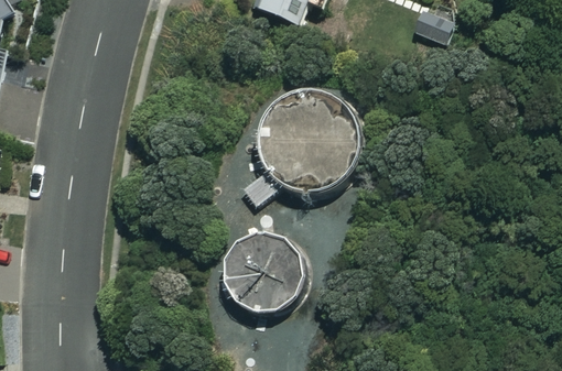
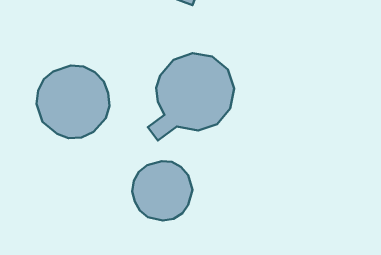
building: none -> [36,65,110,138]

